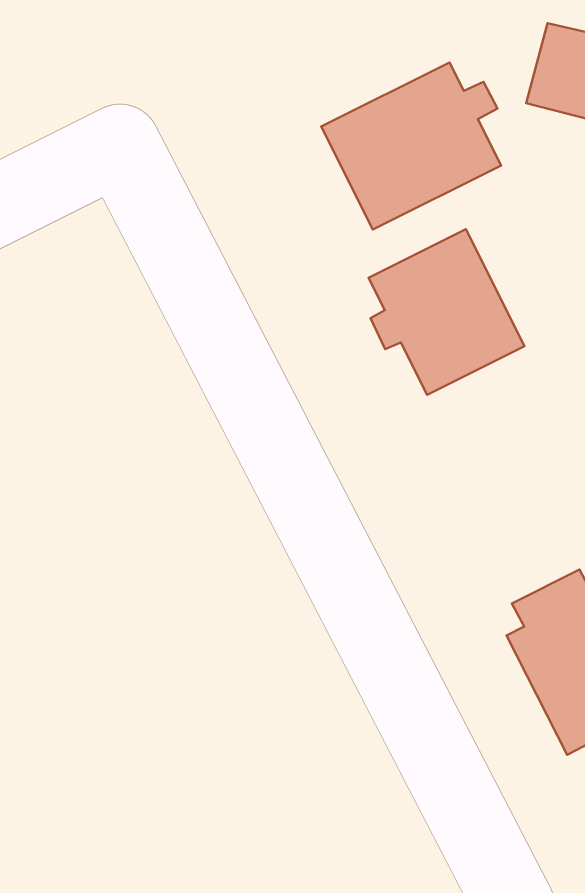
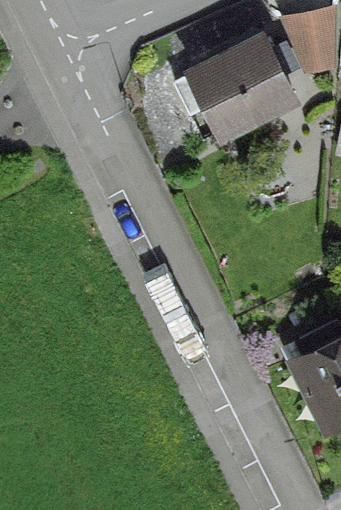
building: [368,229,524,395] -> none

